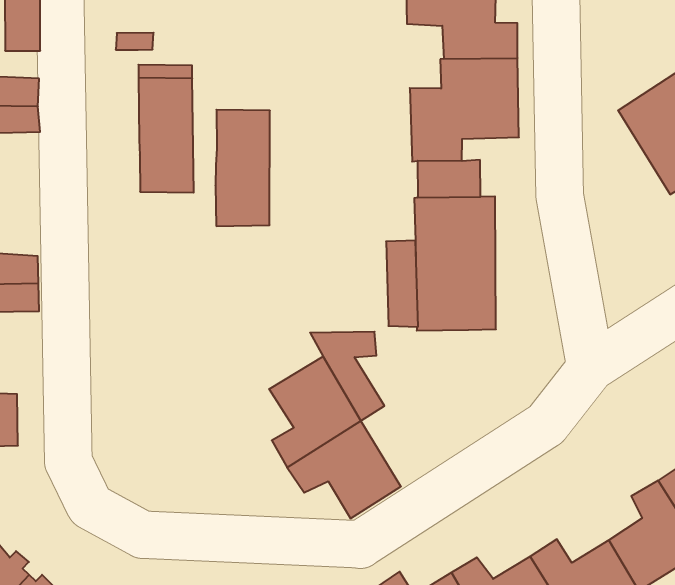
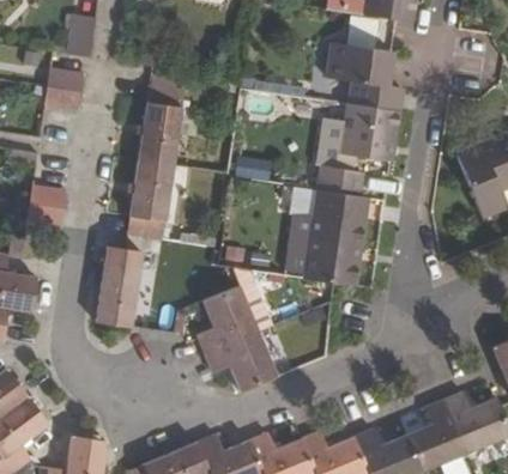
building: [215,110,270,226] -> [126,159,173,239]
building: none -> [95,248,143,327]

